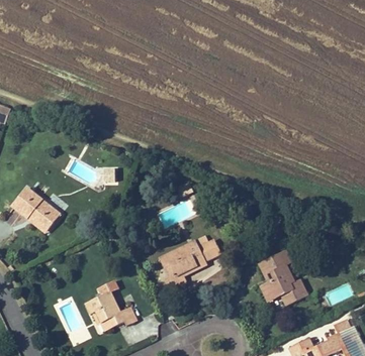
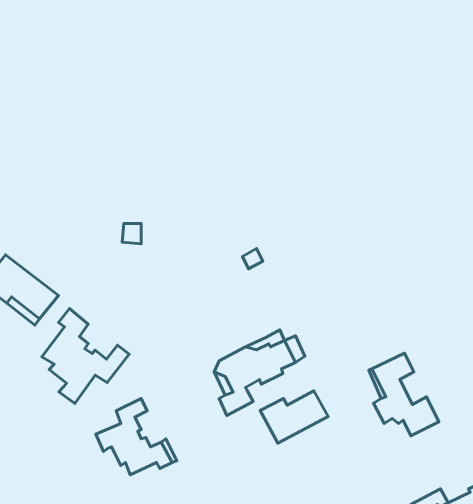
building: none -> [42,308,129,403]
building: none -> [260,391,328,443]

